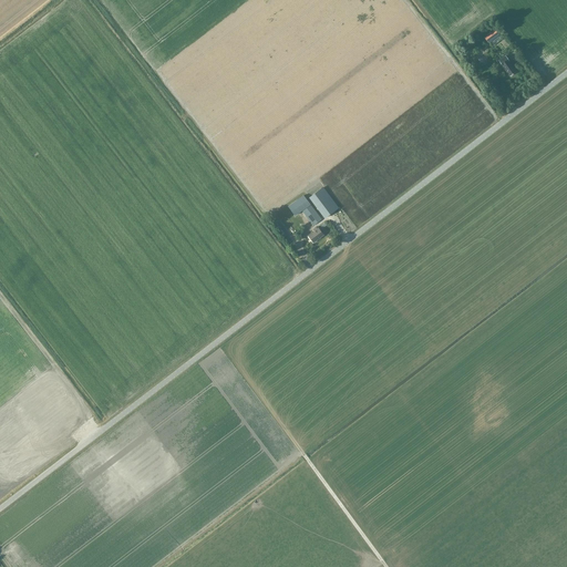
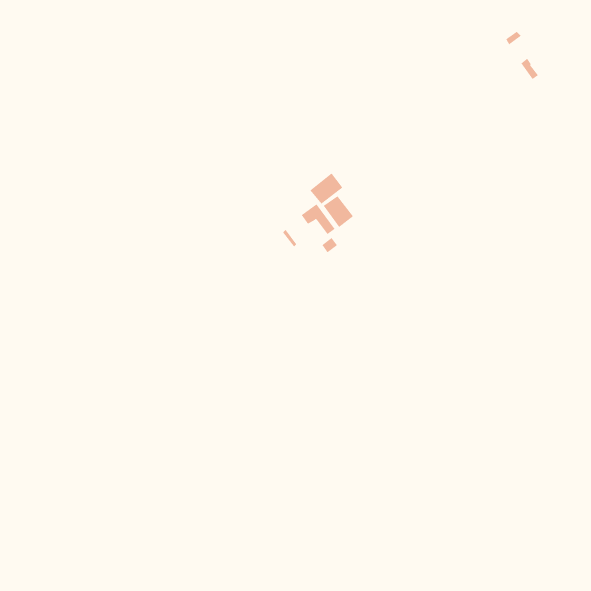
building: none -> [309,173,343,204]

